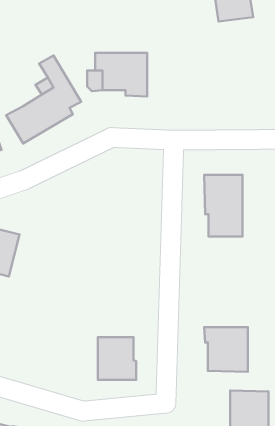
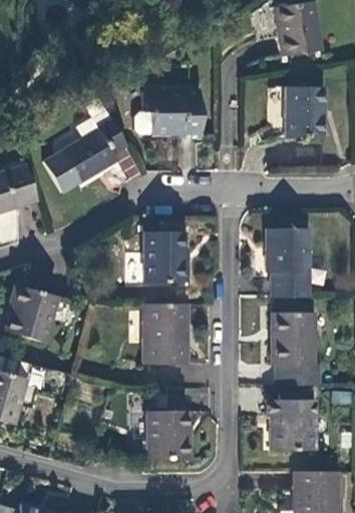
building: none -> [286,86,325,136]
building: none -> [144,231,188,282]
building: none -> [143,304,188,364]
building: none -> [273,313,321,385]

